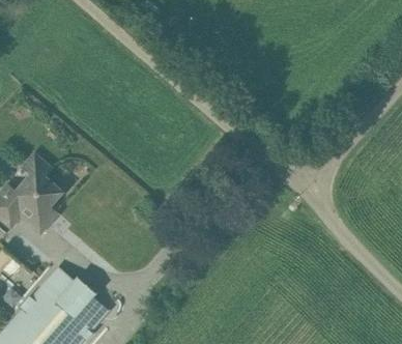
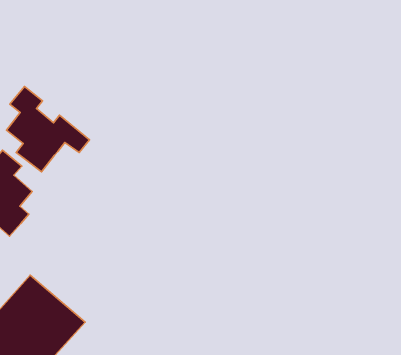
building: none -> [7,86,90,172]

